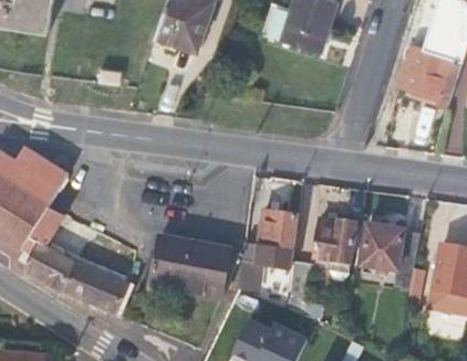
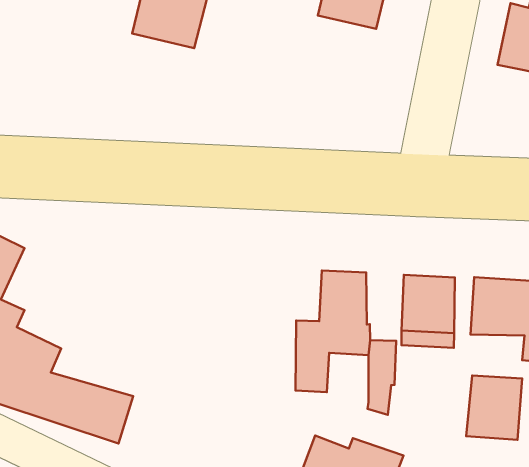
building: [136,231,219,298] -> none
building: none -> [466,375,522,440]

